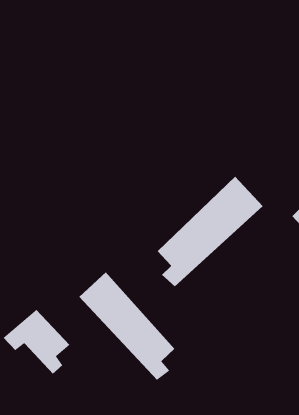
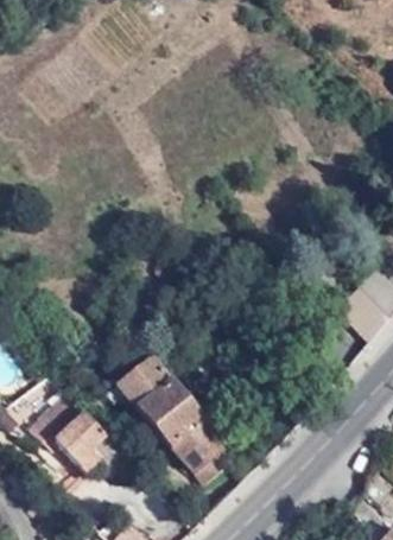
building: [157,176,263,287] -> none

